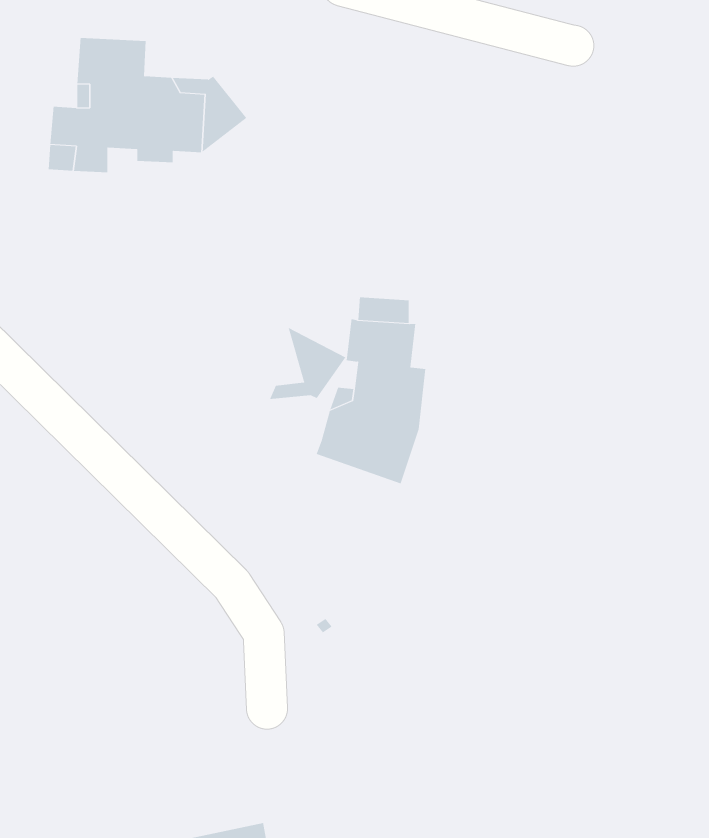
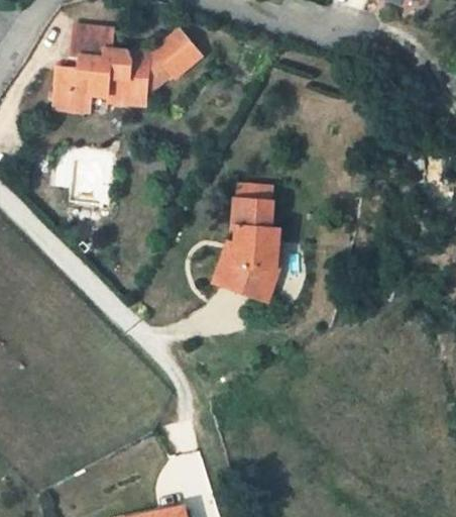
building: none -> [152,30,196,78]
building: [269,327,346,400] -> none

